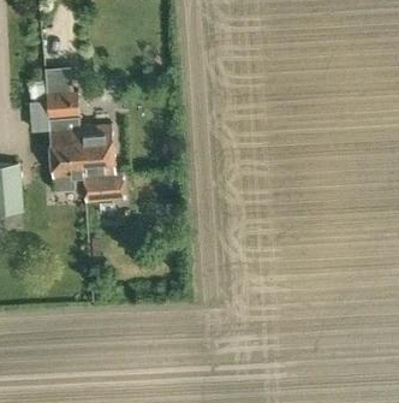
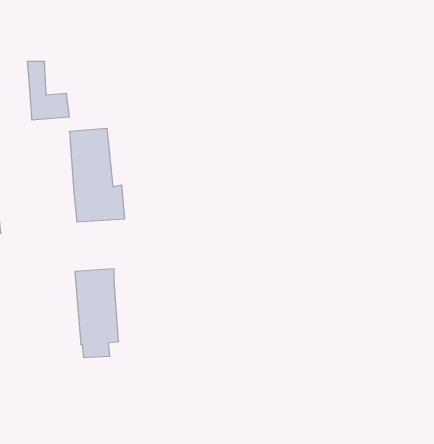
building: [47,117,83,190] -> [75,269,119,358]

